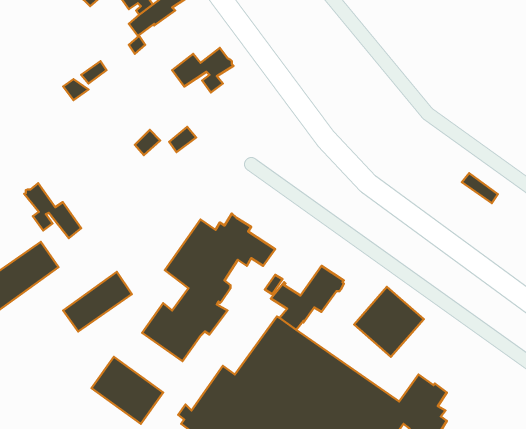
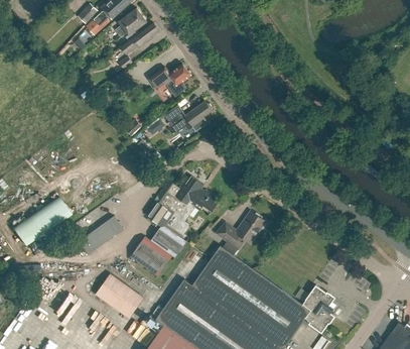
building: none -> [165,103,212,133]
building: [24,183,81,238] -> none
building: [354,287,424,357] -> none

